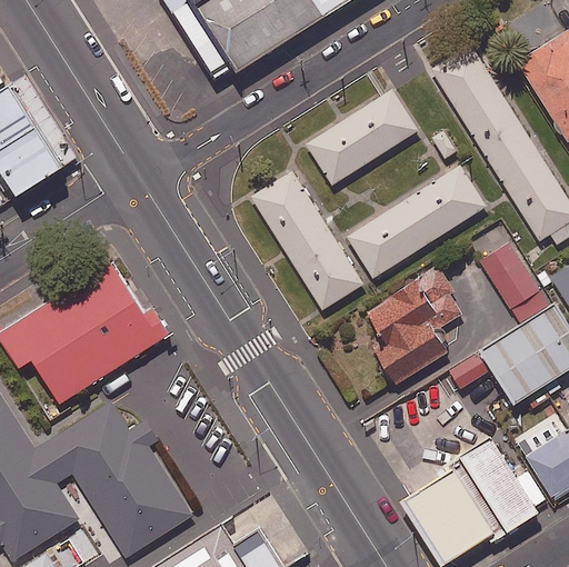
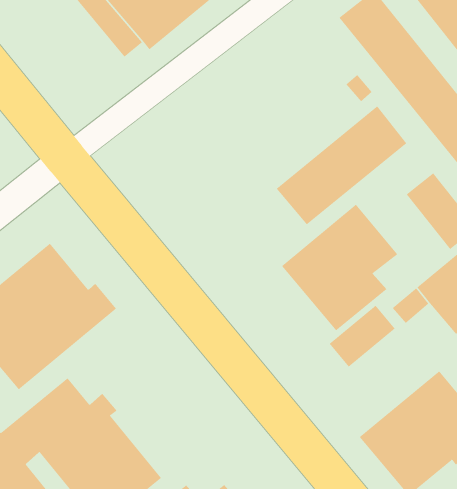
building: [307,88,419,183] -> none
building: [252,170,363,308] -> none
building: none -> [329,305,395,368]

